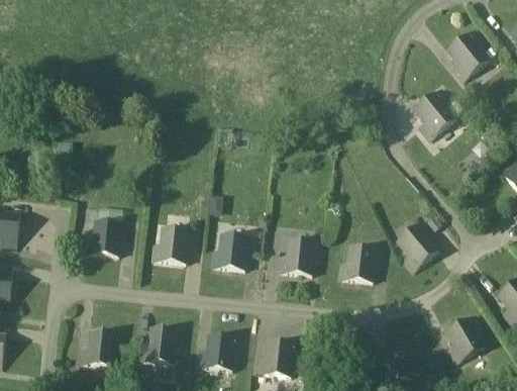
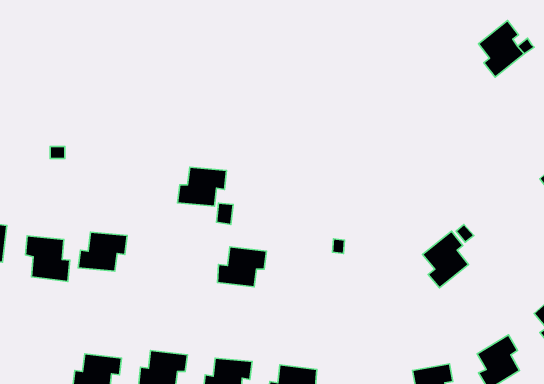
building: [413,87,455,138] -> none
building: none -> [26,236,70,281]
building: [150,227,195,263] -> [178,167,227,206]
building: [277,238,321,275] -> none
building: [337,246,382,282] -> none

